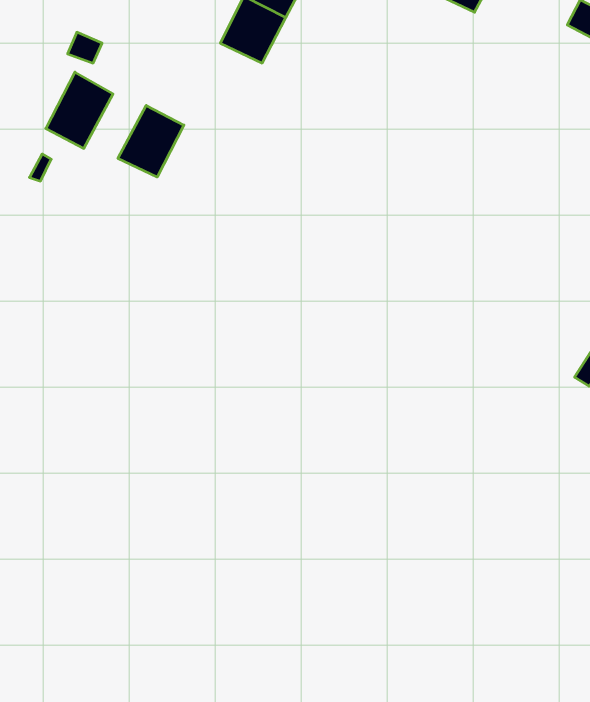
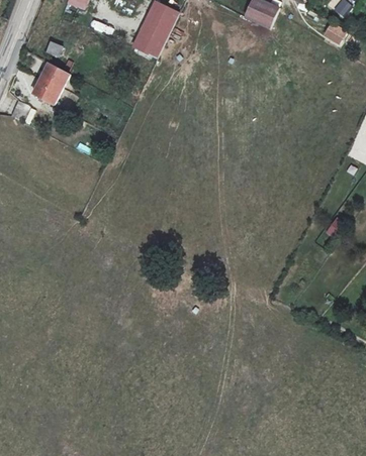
building: [118,105,184,177] -> none

